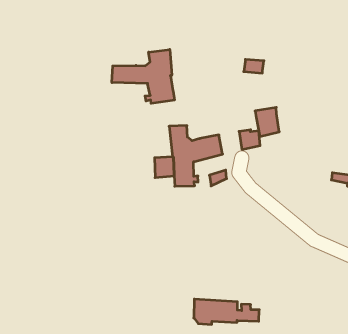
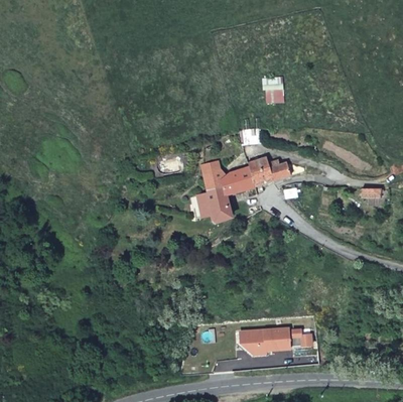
building: [112,49,174,103] -> none
building: [255,107,279,137] -> [247,156,273,186]

